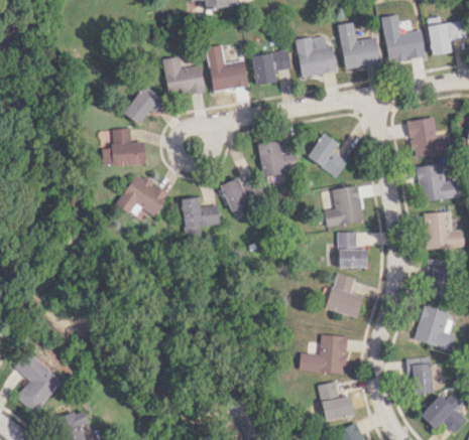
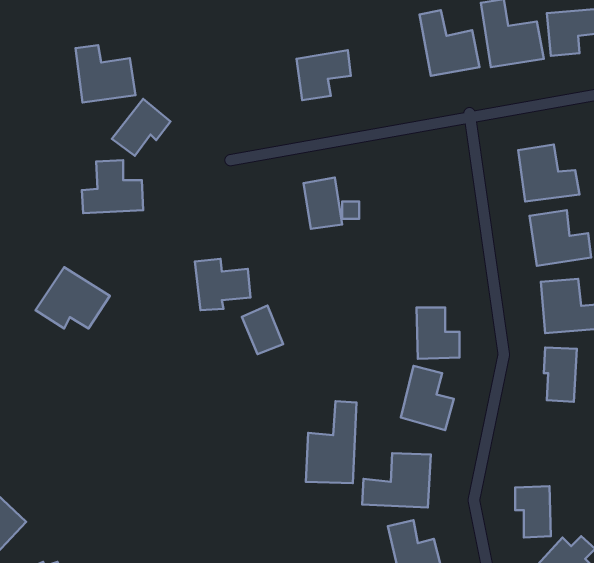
building: [297,35,337,77] -> none
building: [206,45,248,92] -> none
building: [162,56,205,97] -> [75,45,135,102]
building: [307,133,347,177] -> none
building: [116,173,168,216] -> [35,267,110,329]
building: [220,177,249,211] -> [242,306,283,354]
building: [325,185,365,227] -> none
building: none -> [306,401,356,483]
building: [415,306,455,349] -> none

